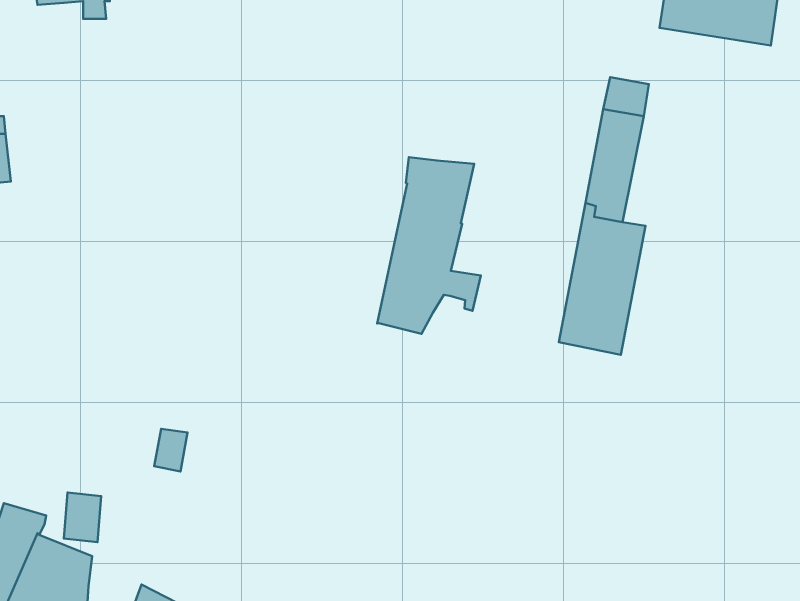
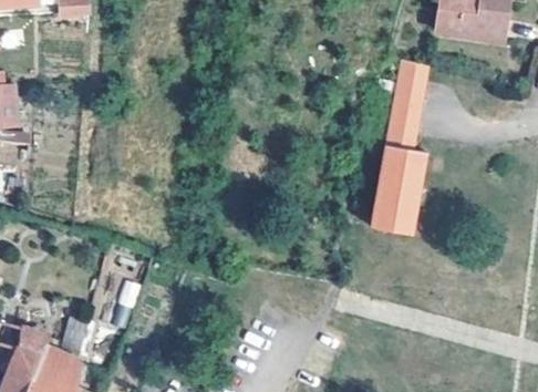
building: [377,157,481,334] -> none

